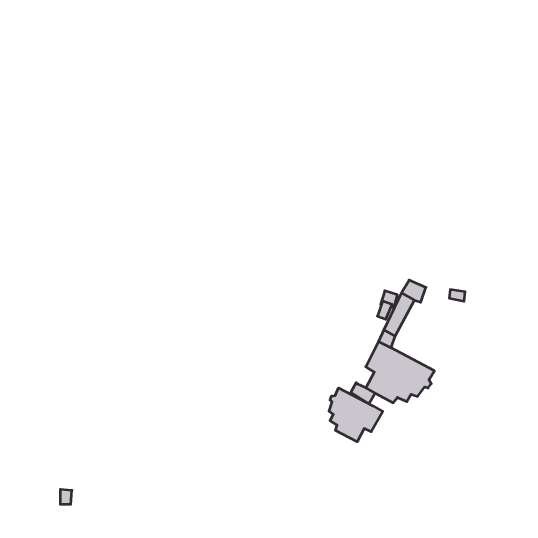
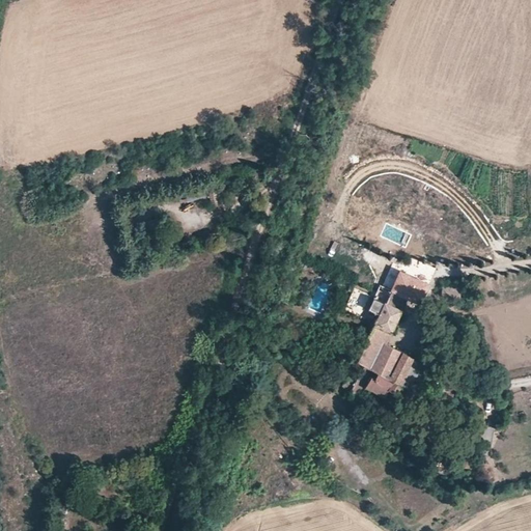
building: [329,388,383,442] -> none

